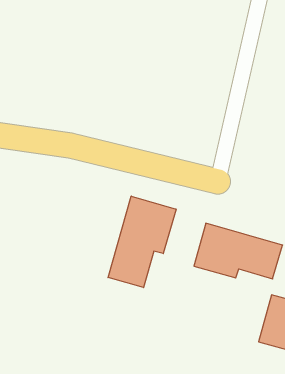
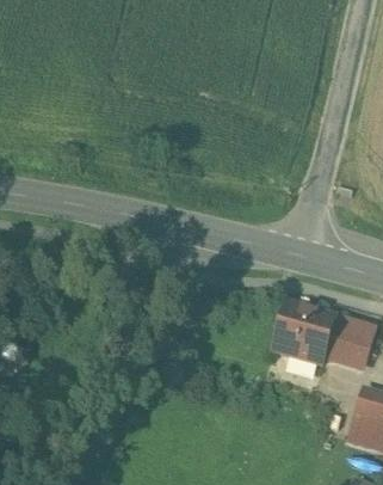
building: [108,196,176,288] -> none

